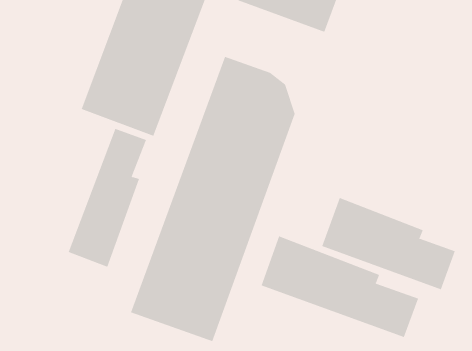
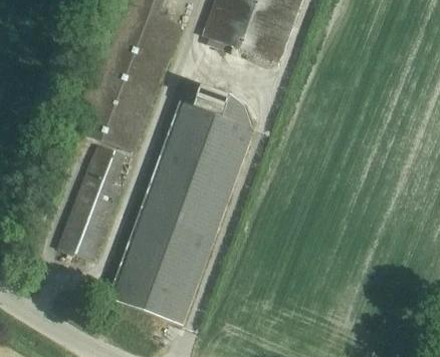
building: [322,197,456,290] -> none
building: [261,236,419,338] -> none

